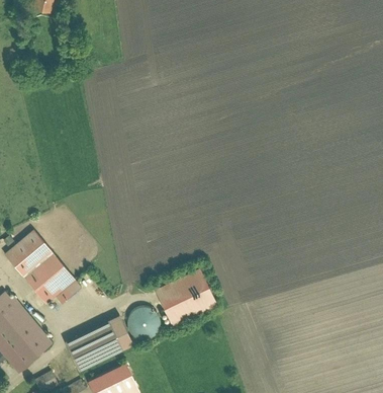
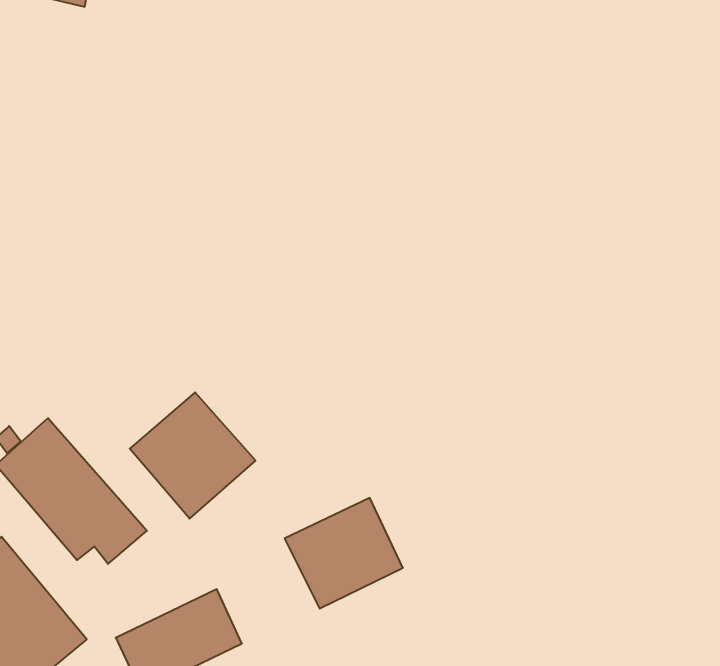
building: none -> [130,392,255,519]
building: [126,306,160,339] -> none

